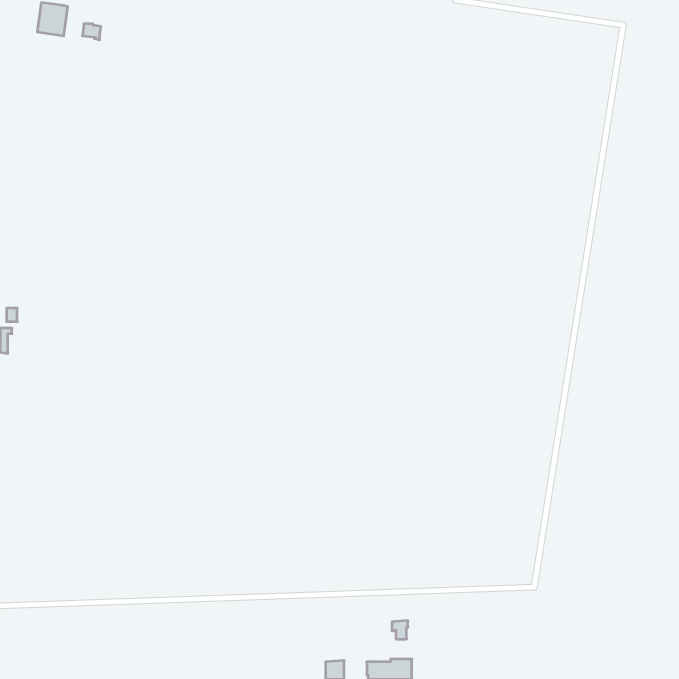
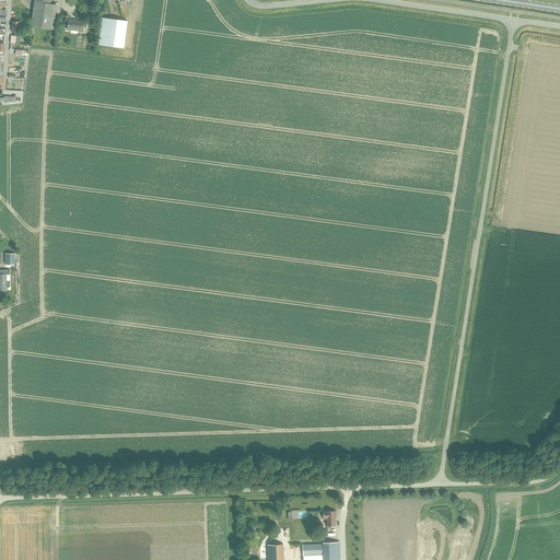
building: none -> [98,18,127,48]

